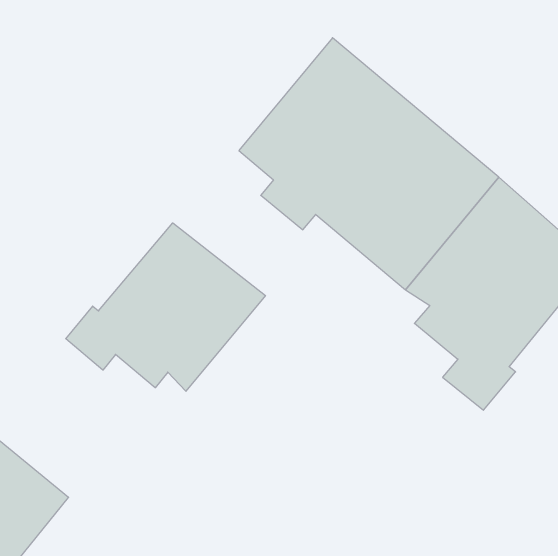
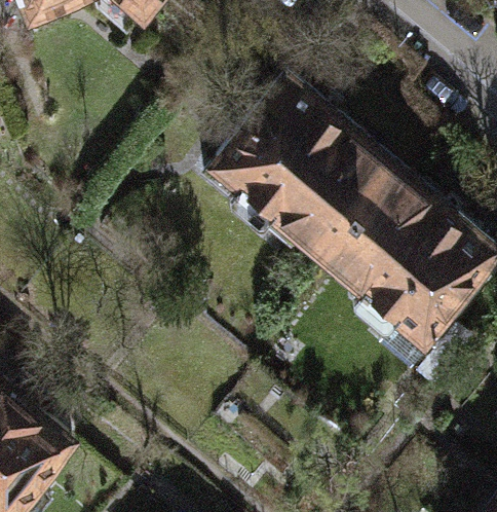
building: [66,223,265,391] -> none

